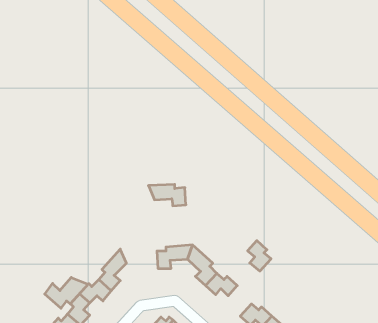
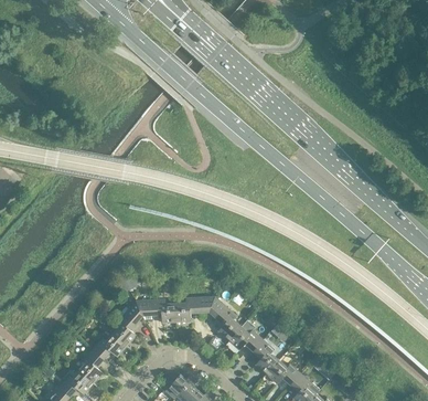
building: [148,184,186,206] -> [136,300,176,324]
building: [248,241,271,271] -> [253,341,278,374]
building: [45,277,88,308] -> none

